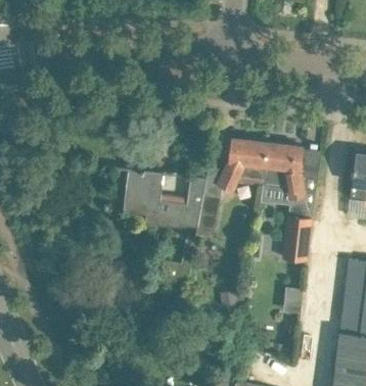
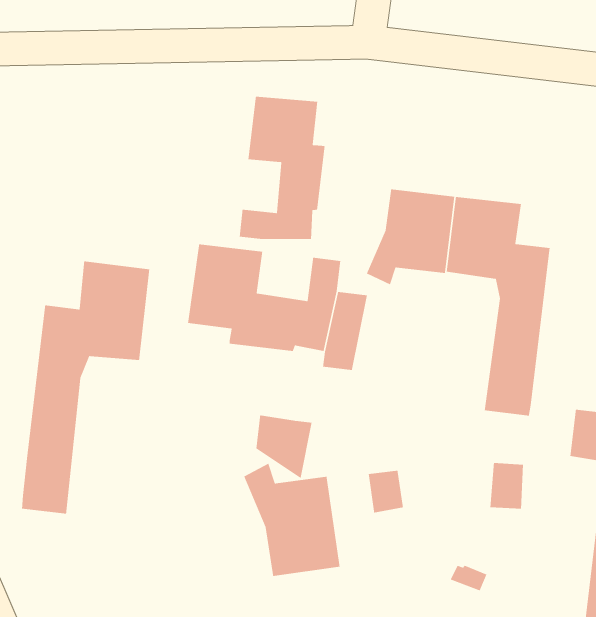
building: none -> [239,96,326,240]
building: none -> [21,260,150,514]
building: none -> [243,463,341,577]

